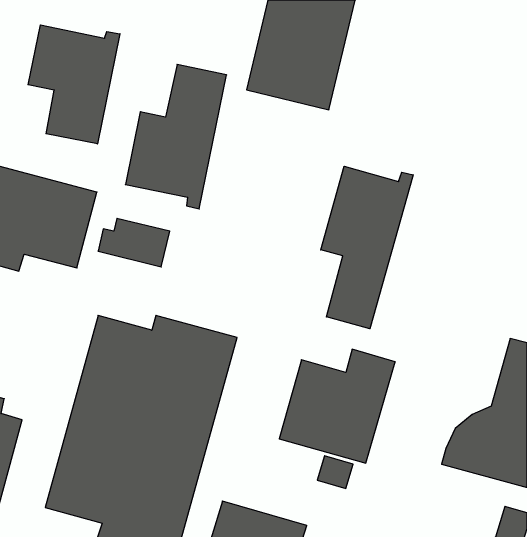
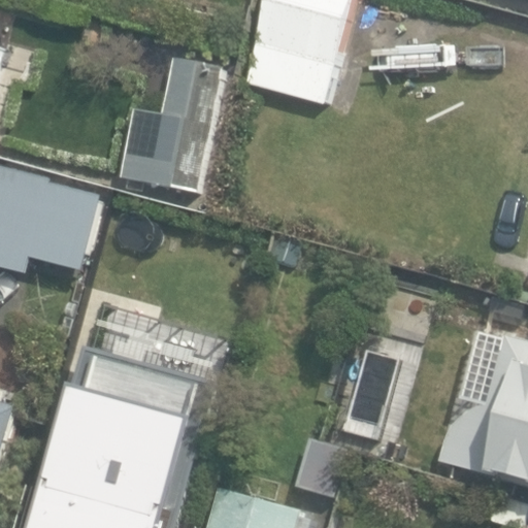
building: [28,25,120,144] -> none
building: [321,166,413,329] -> none

